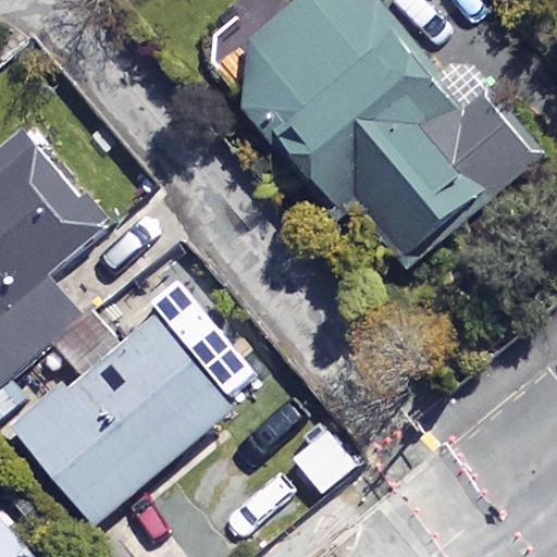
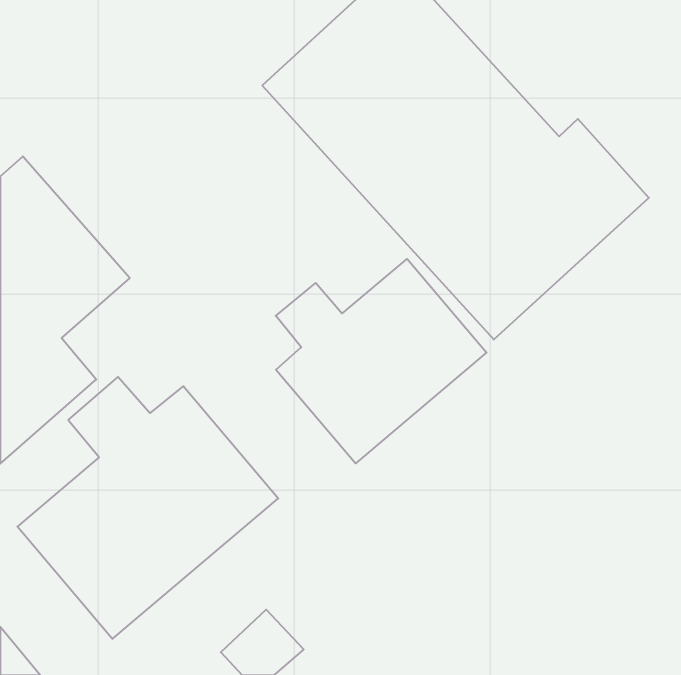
building: none -> [276,259,487,463]

